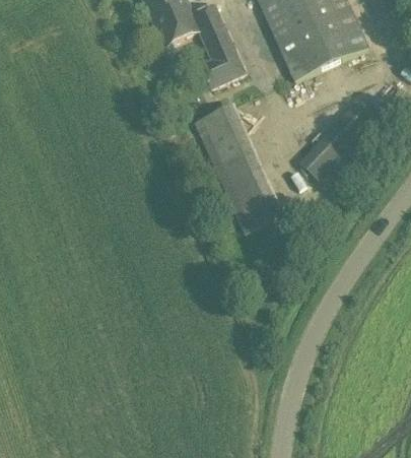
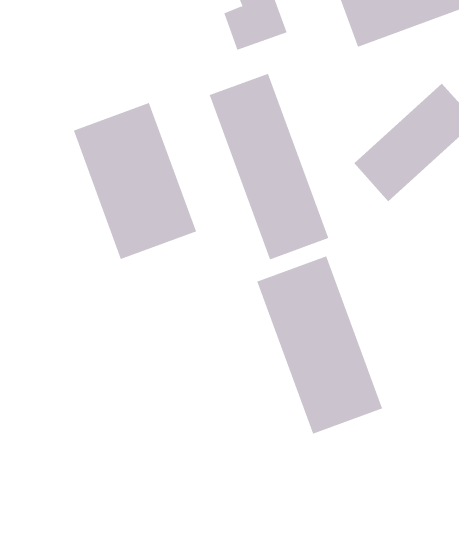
building: none -> [73,102,197,260]
building: none -> [257,255,383,434]

